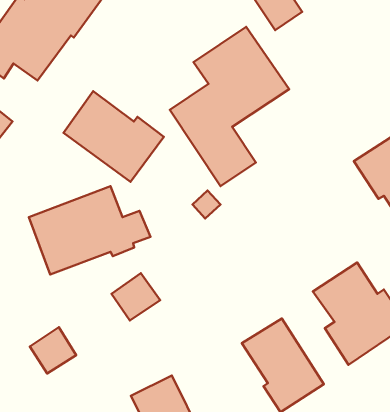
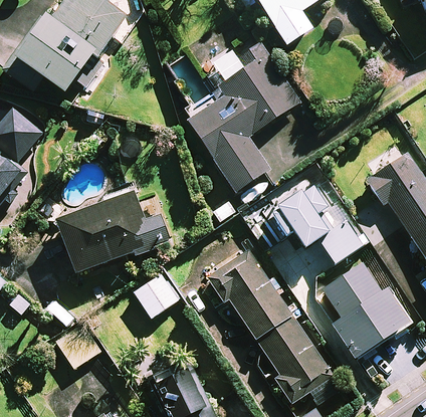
building: [64,91,164,182] -> none
building: none -> [270,182,365,262]
building: none -> [206,247,292,338]

